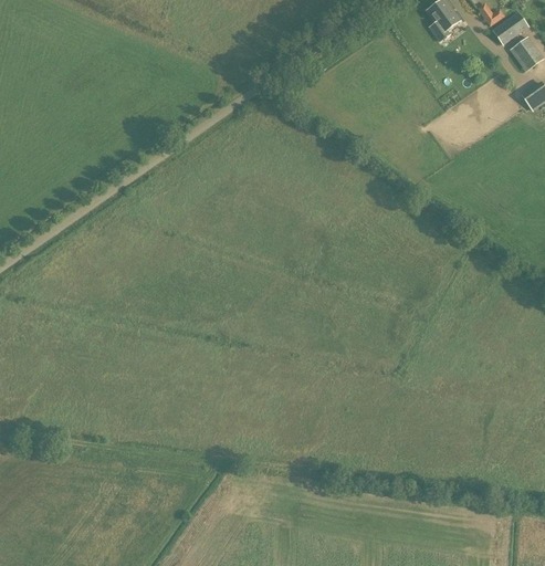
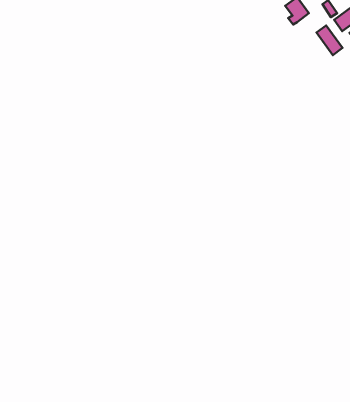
building: none -> [317,25,343,55]

